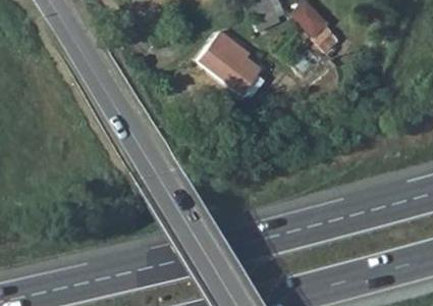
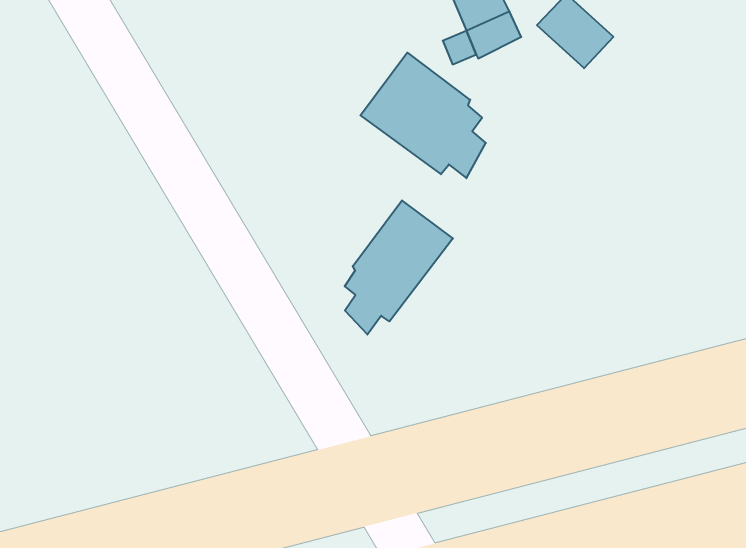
building: none -> [345,200,453,335]

